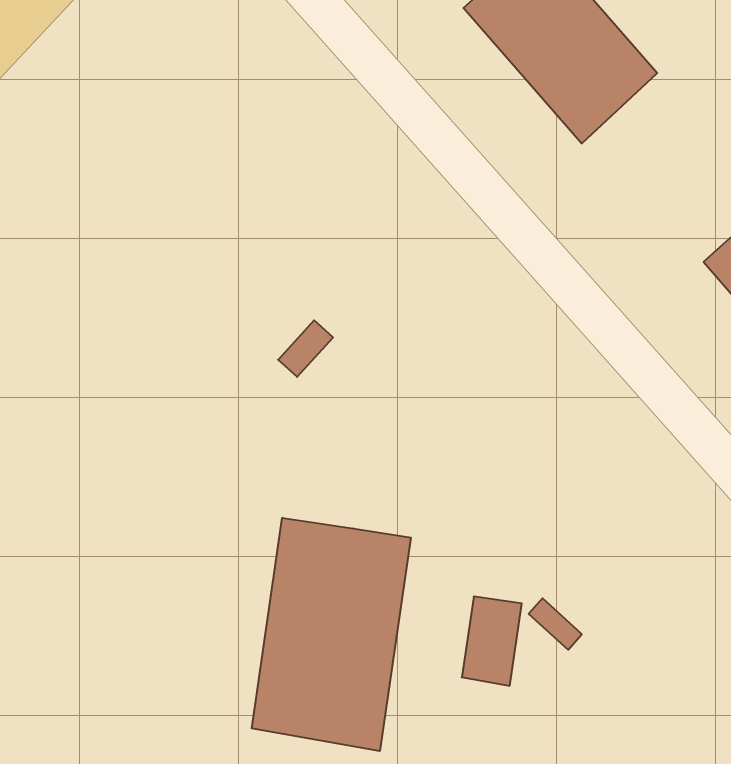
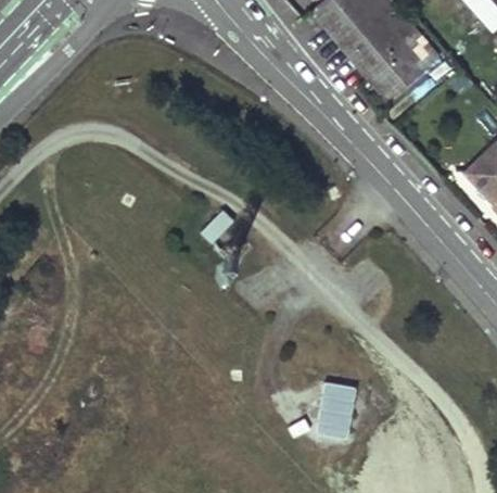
building: [252,518,411,751] -> none

